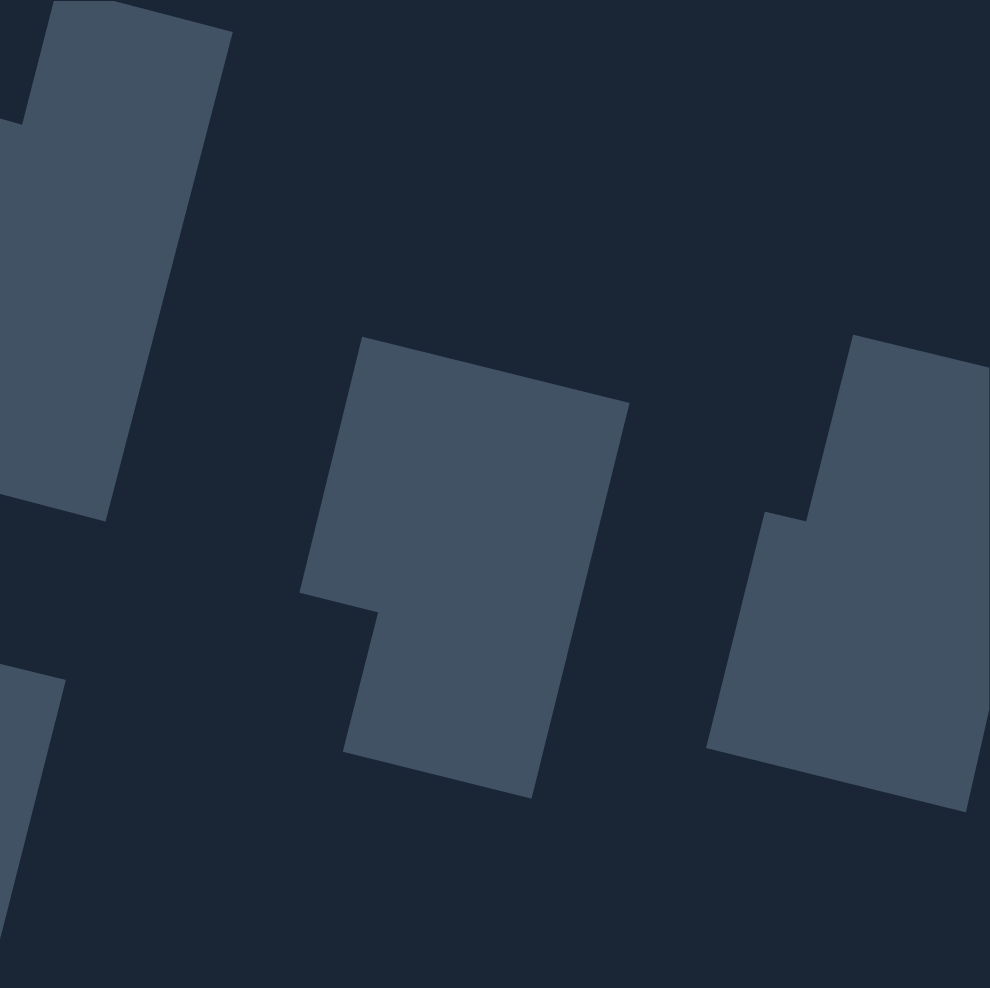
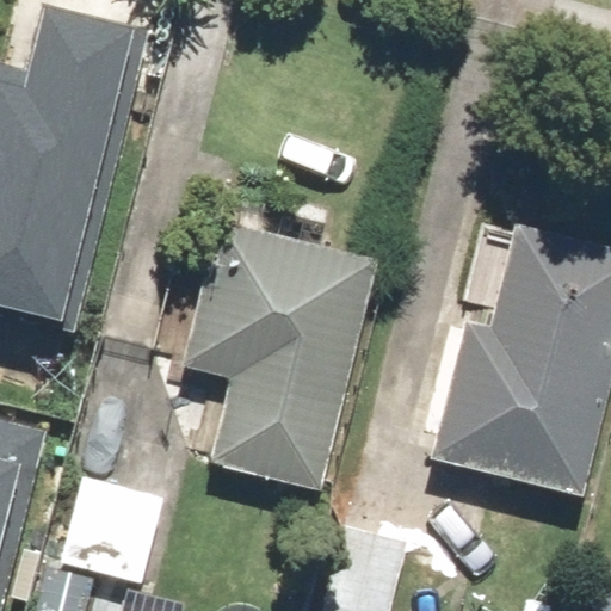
building: none -> [49,473,169,597]

